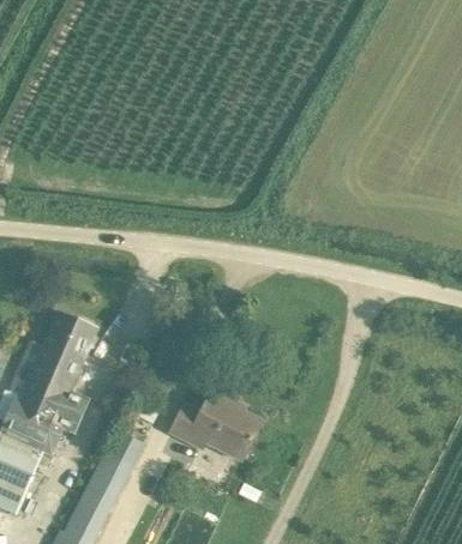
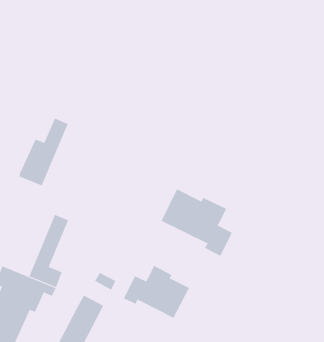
building: none -> [161,189,233,257]
building: [8,312,77,405] -> [18,118,68,186]

